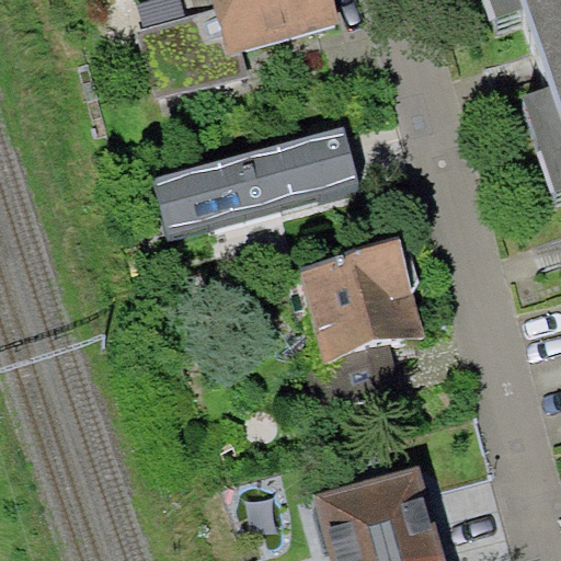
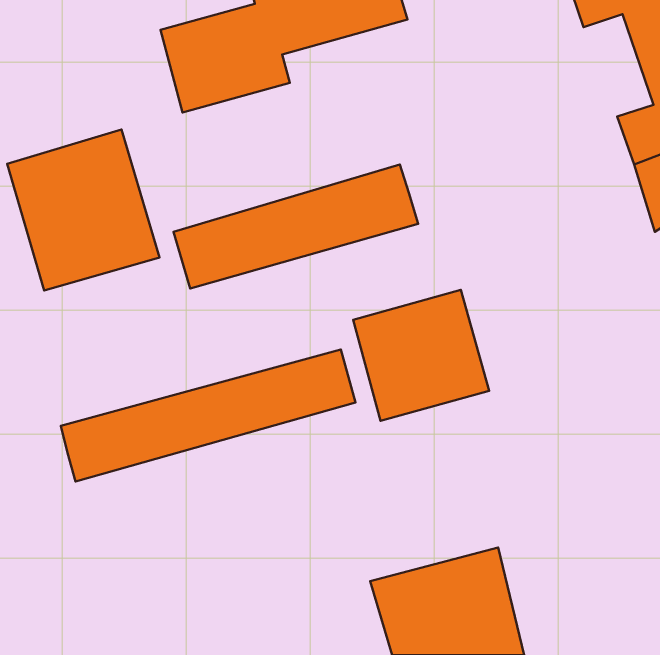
building: none -> [7,129,159,291]
building: none -> [61,350,355,482]

